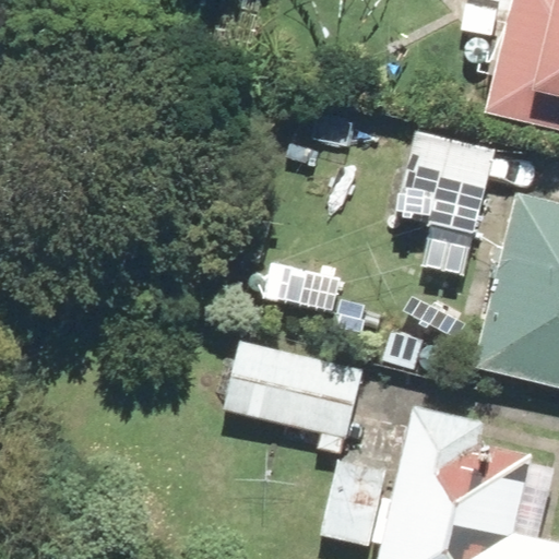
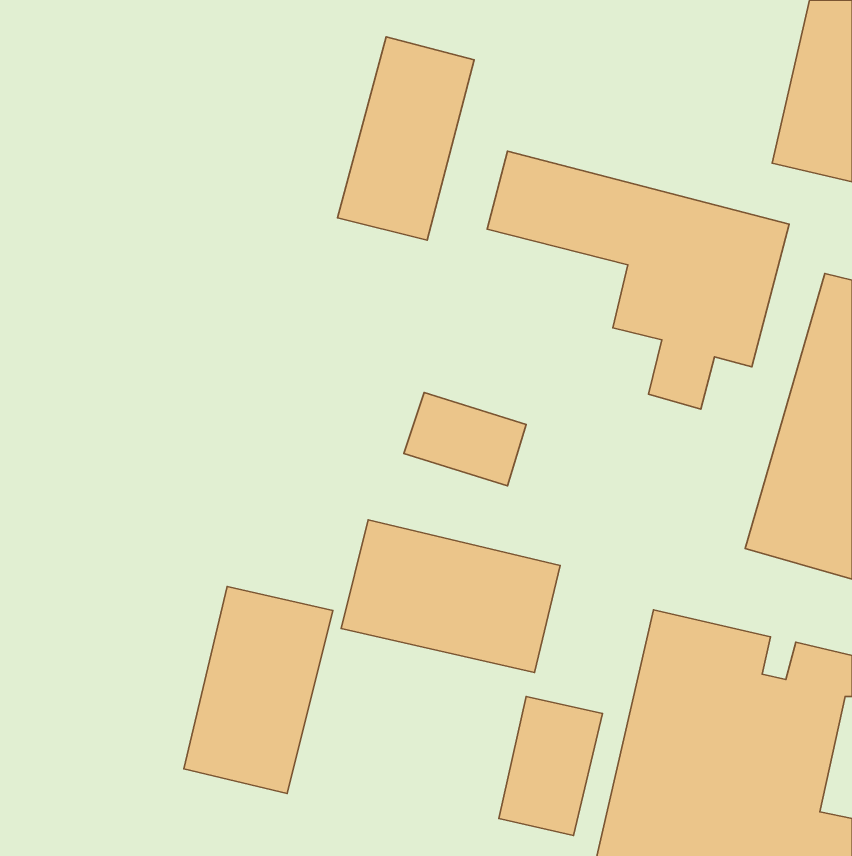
building: none -> [337,37,474,240]
building: none -> [184,587,333,793]

